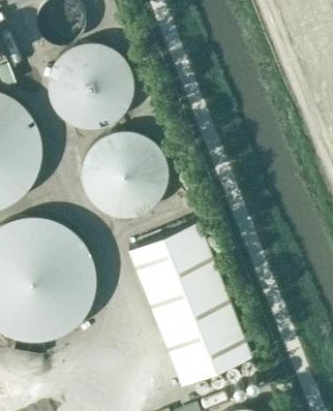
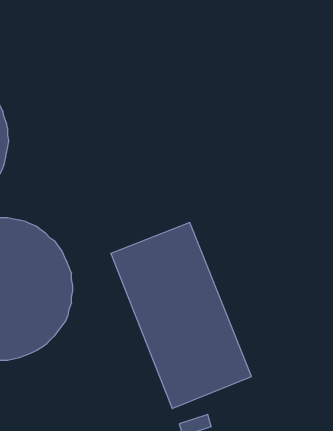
building: [49,45,131,128] -> none
building: [82,133,164,216] -> none

